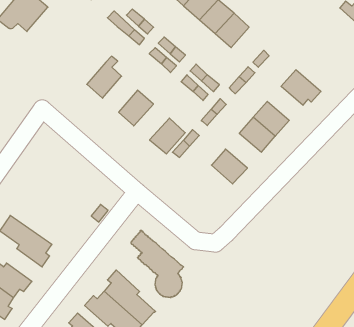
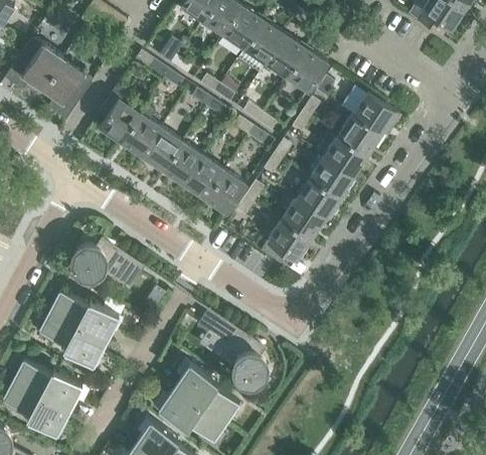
building: none -> [41,58,92,122]
building: none -> [287,50,327,93]
building: none -> [99,87,140,144]
building: none -> [142,129,182,172]
building: none -> [338,116,381,155]
building: none -> [183,157,224,200]
building: none -> [296,178,339,221]
building: none -> [72,239,143,288]
building: none -> [261,220,310,265]
building: none -> [50,291,123,340]

